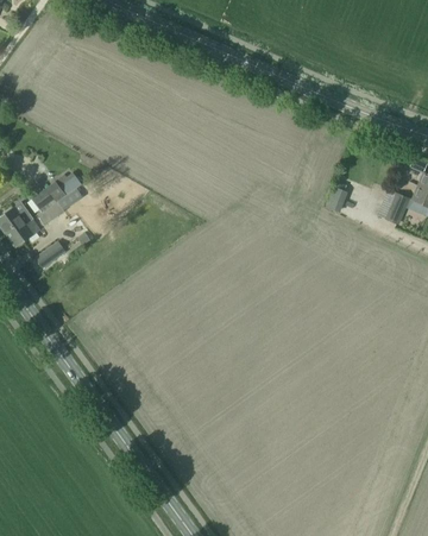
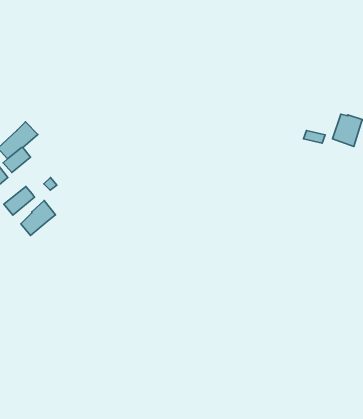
building: none -> [21,200,56,236]

